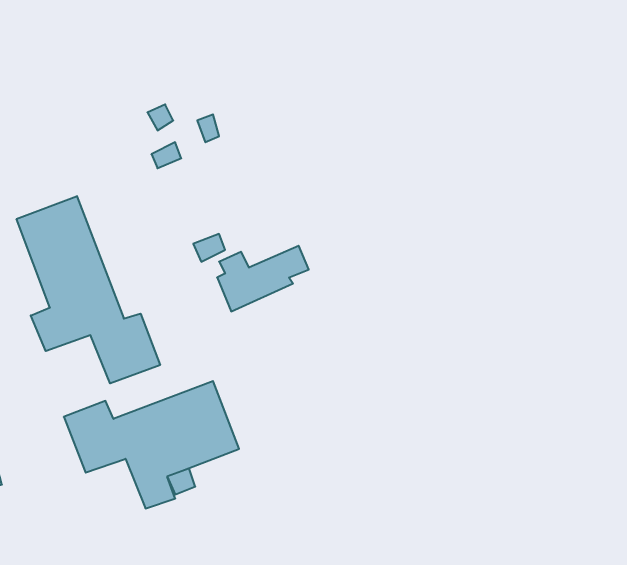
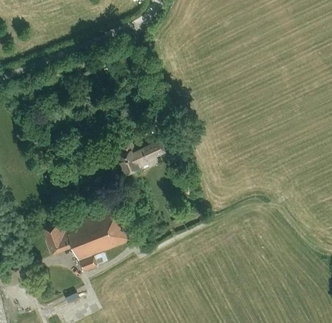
building: [17,196,160,383] -> none

